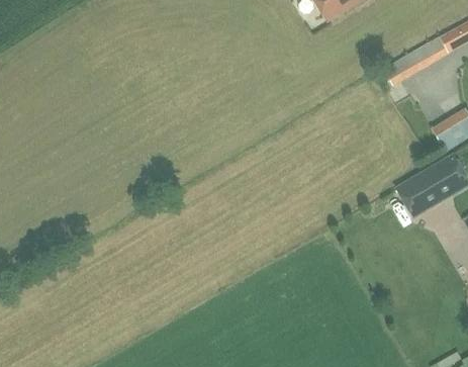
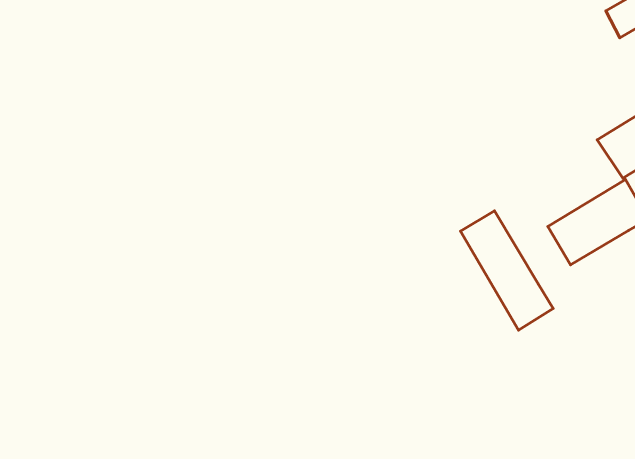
building: [385,44,432,84] -> none
building: none -> [461,211,553,330]

